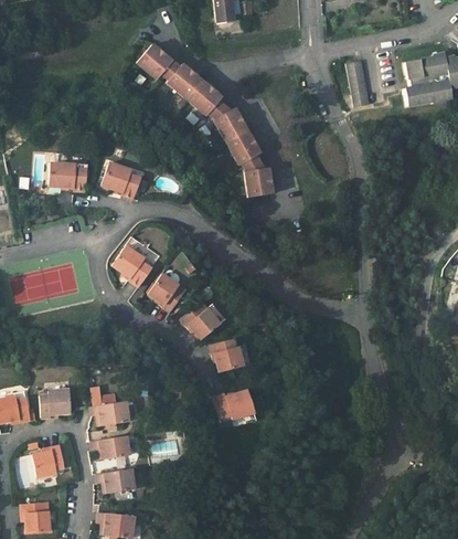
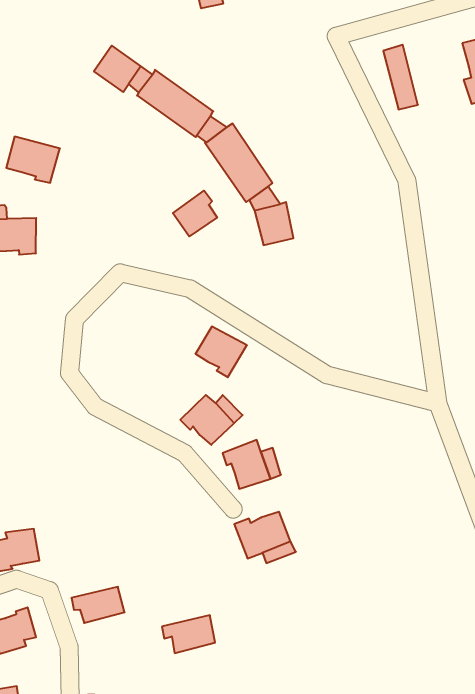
building: none -> [173,191,217,236]
building: [102,162,141,198] -> [6,137,60,183]
building: [111,245,153,286] -> none
building: [148,274,185,311] -> [195,327,247,377]
building: [90,401,128,425] -> none
building: [96,468,134,494] -> [162,615,215,653]

